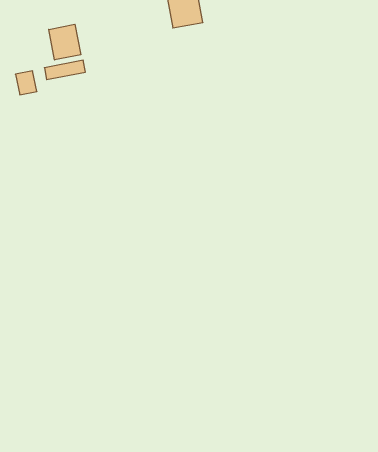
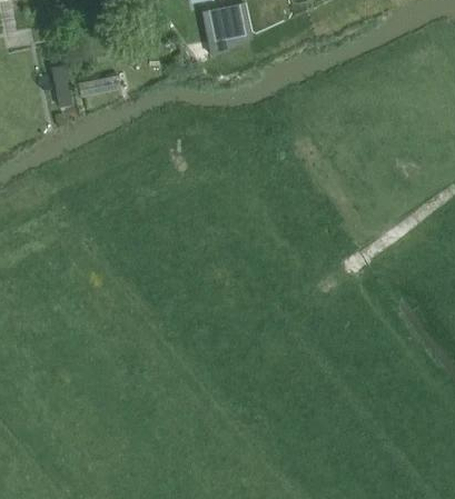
building: [49,24,81,60] -> none

